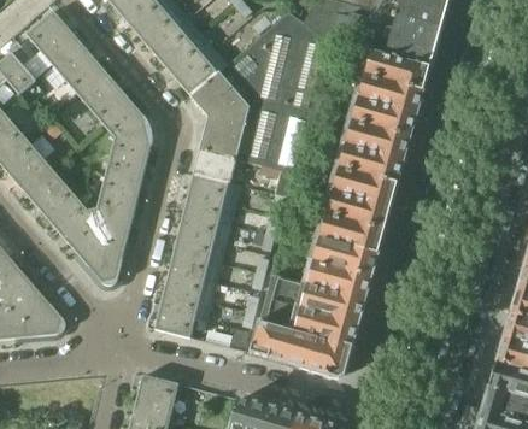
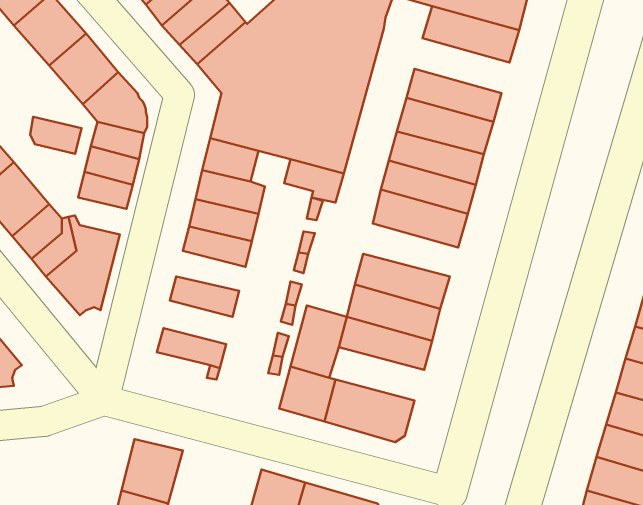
building: [352,74,423,114] -> none
building: [98,193,136,221] -> [30,117,82,154]
building: [313,212,385,252] -> none
building: [174,233,225,263] -> none
building: [164,270,216,302] -> none
building: [288,305,359,345] -> none
building: [154,308,194,336] -> none

